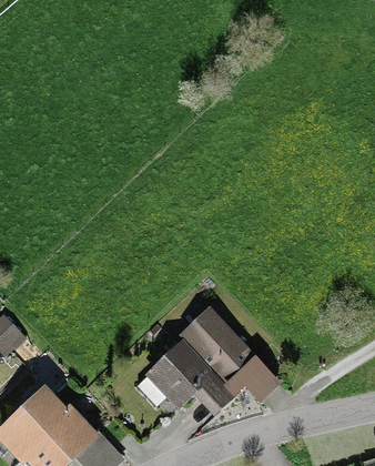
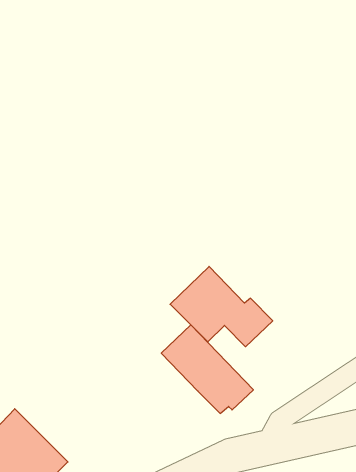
building: [141,341,237,416] -> [170,266,273,347]

